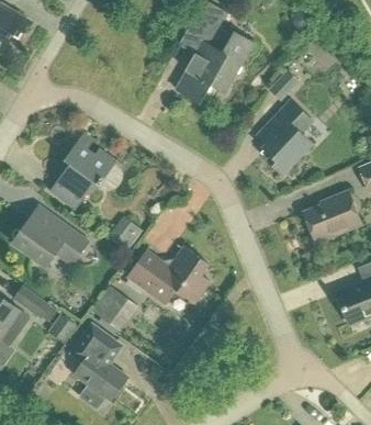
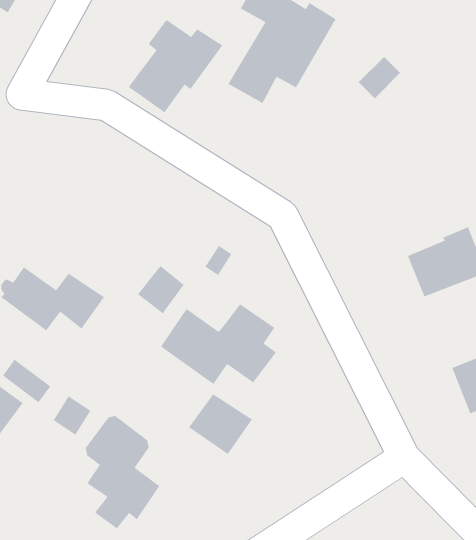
building: [261,101,312,172] -> none
building: [49,142,117,209] -> [128,19,223,113]
building: [92,287,138,331] -> [188,393,253,455]

